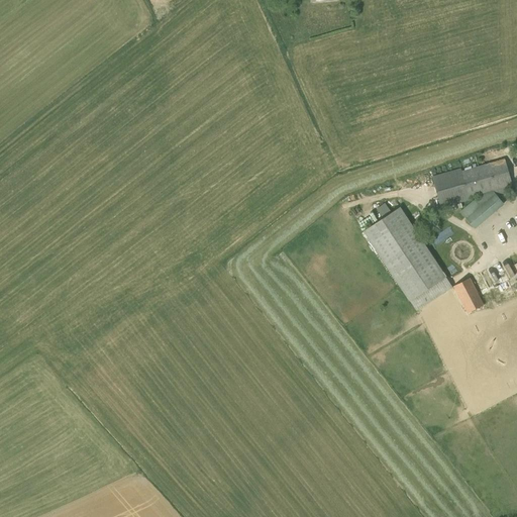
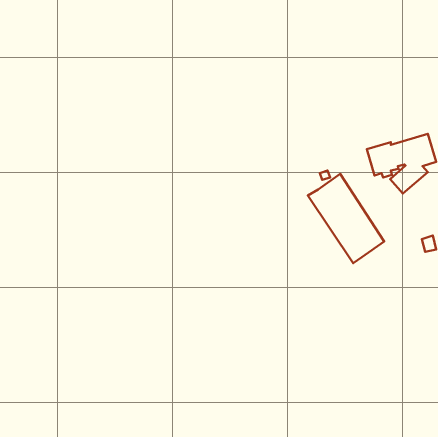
building: [453,277,483,311] -> none

